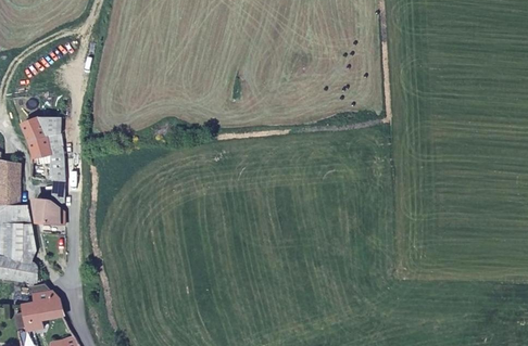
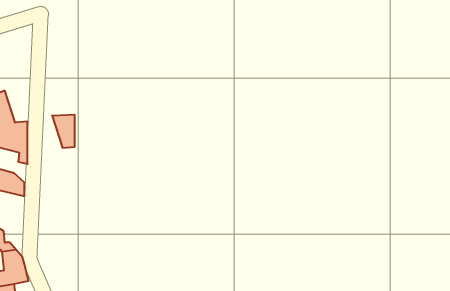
building: [39,113,63,148] -> [52,115,75,148]

